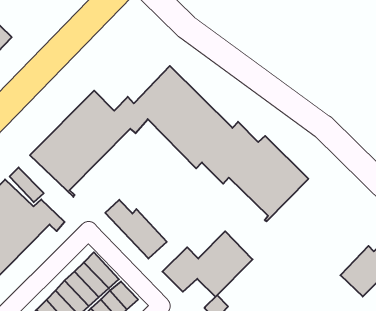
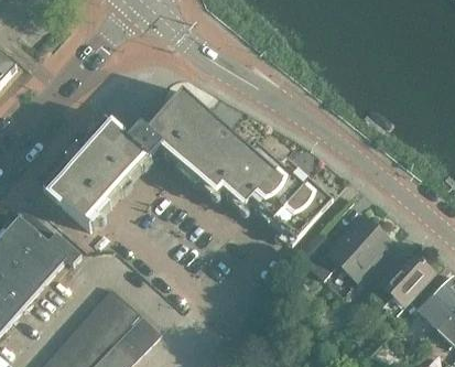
building: [105,200,167,259] -> none
building: [162,231,253,297] -> [300,215,392,283]

